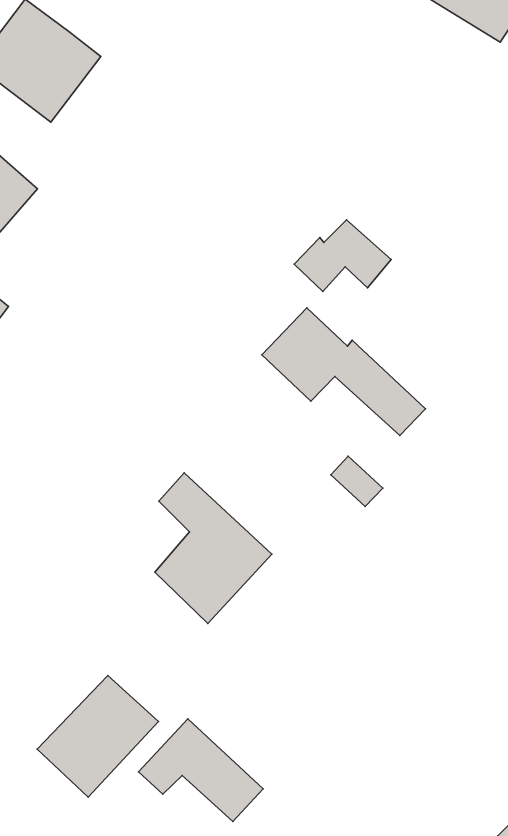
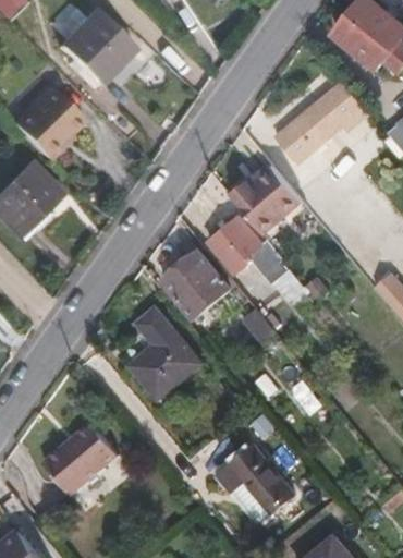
building: none -> [273,82,365,165]
building: none -> [161,250,229,318]
building: [138,719,263,822] -> [217,446,291,511]

